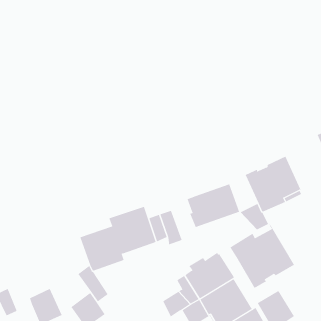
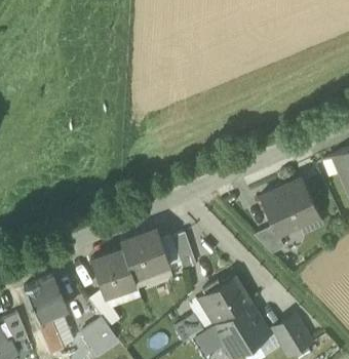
building: [187,183,240,228] -> none
building: [230,224,295,289] -> none
building: none -> [25,277,68,324]

